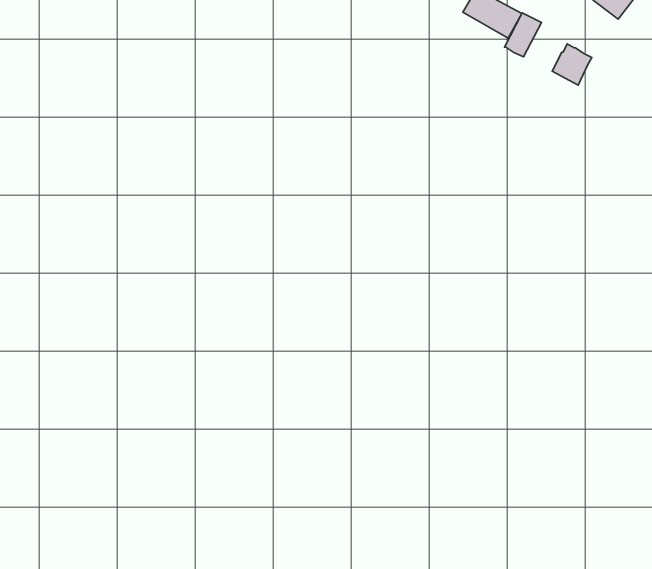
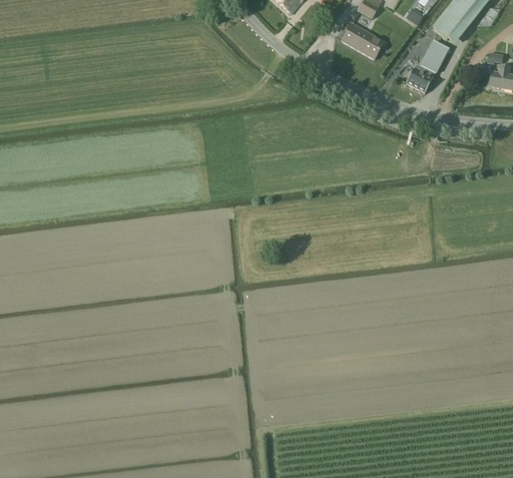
building: [504,13,541,57] -> [422,40,449,72]

